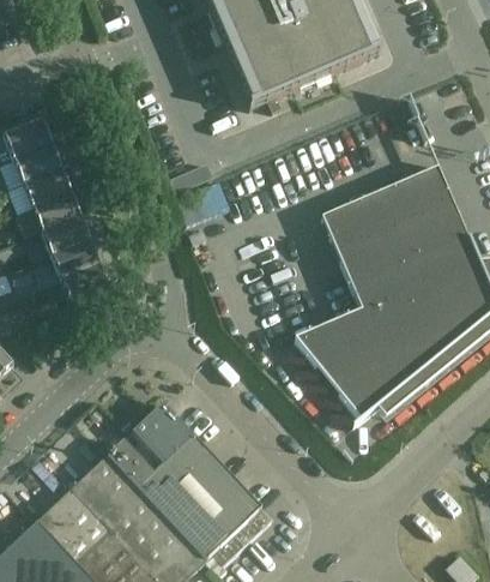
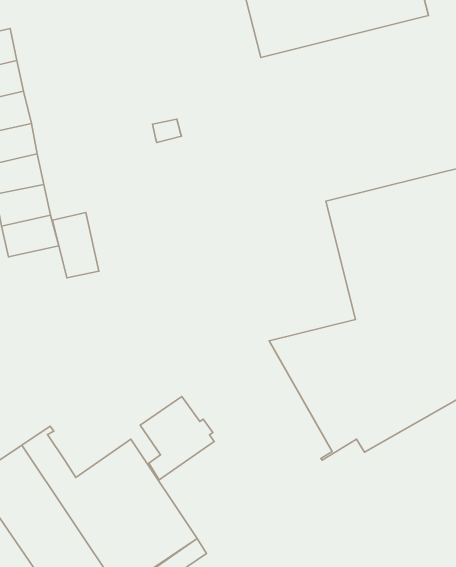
building: none -> [53,213,99,278]
building: [131,403,193,474] -> [140,396,214,480]

